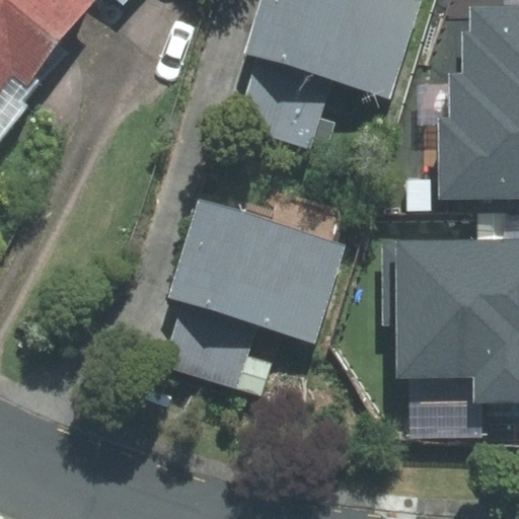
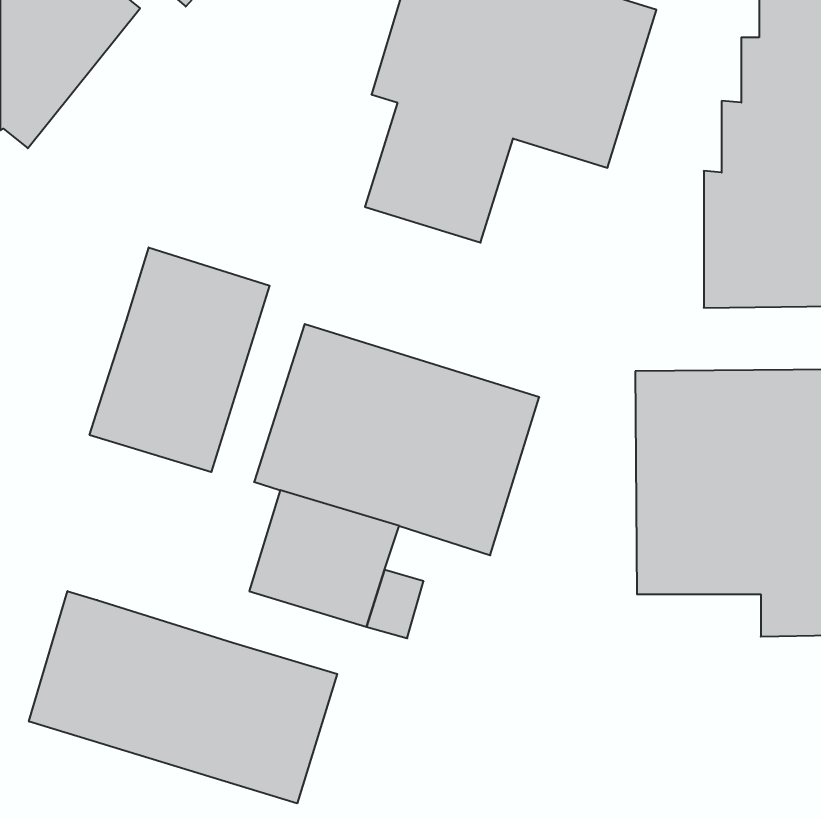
building: none -> [90,247,270,472]
building: none -> [29,591,337,803]

